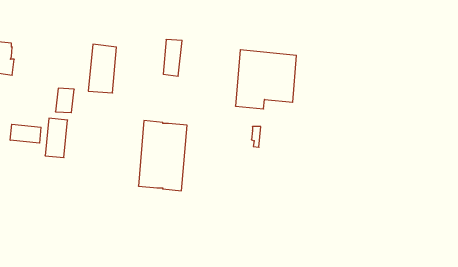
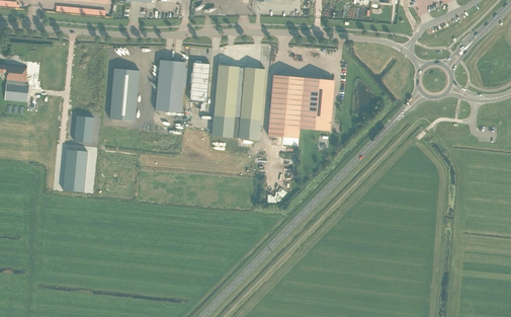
building: none -> [156,59,185,112]
building: [138,121,187,191] -> [212,64,265,140]
building: [10,124,41,143] -> none

